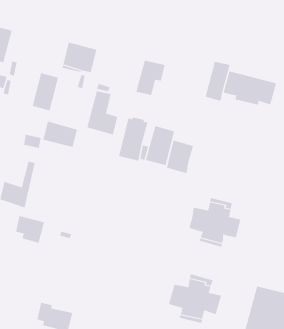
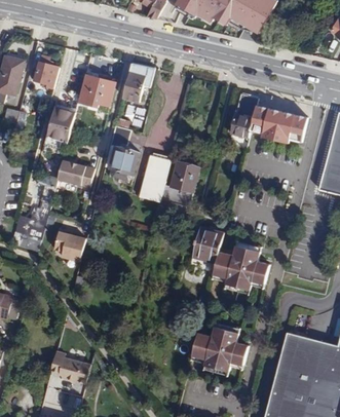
building: none -> [35,55,59,87]
building: [136,60,165,96] -> [121,64,153,102]
building: [166,140,194,174] -> [193,227,223,263]
building: [15,216,45,243] -> [52,232,84,262]

